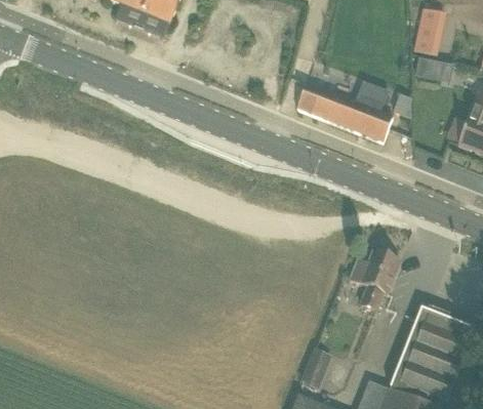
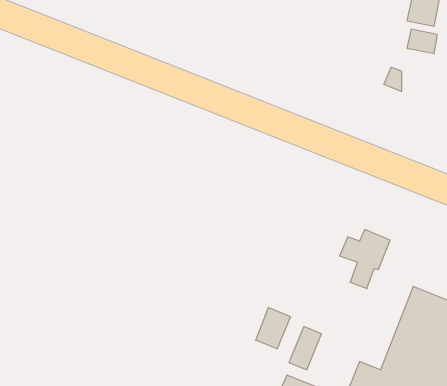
building: [296,81,393,139] -> none
building: none -> [256,307,291,349]

